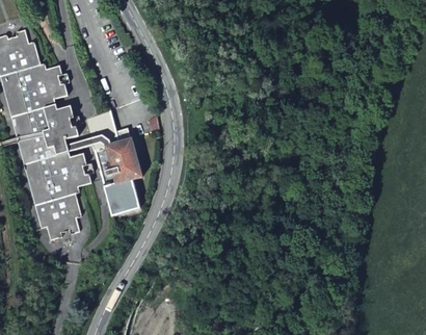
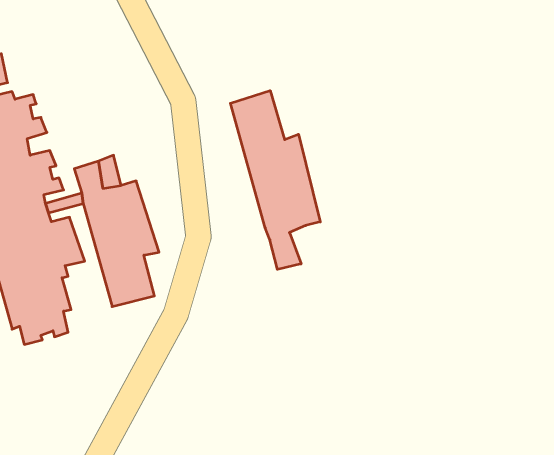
building: none -> [230,91,320,269]

